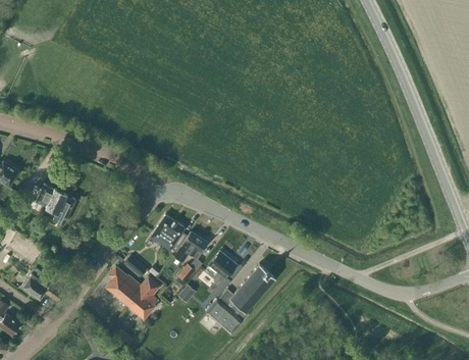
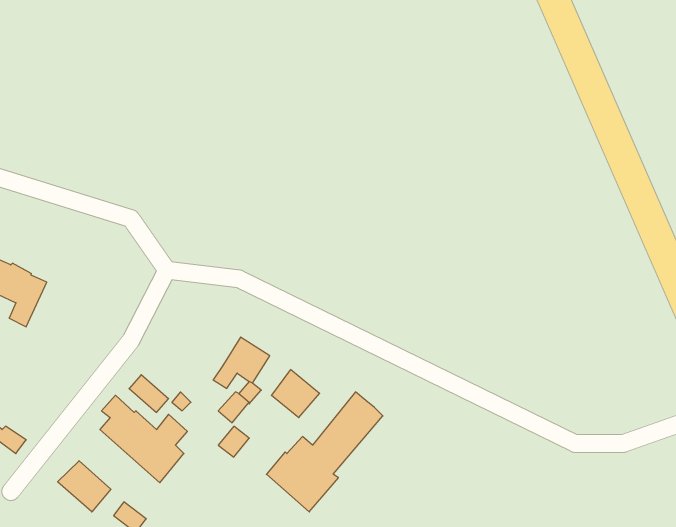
building: [150,215,186,251] -> none
building: none -> [58,461,111,512]

